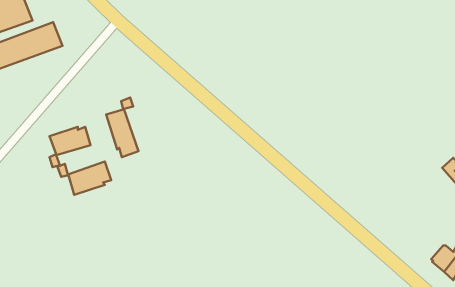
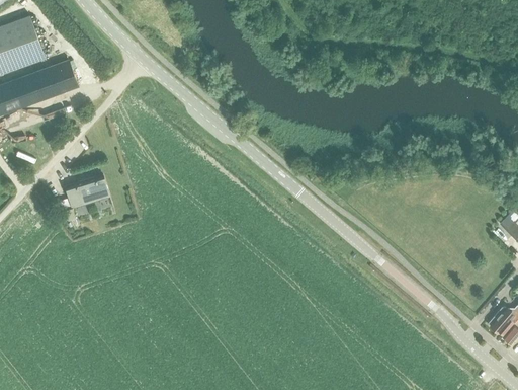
building: [106,98,138,157] -> none
building: [57,161,111,195] -> none

